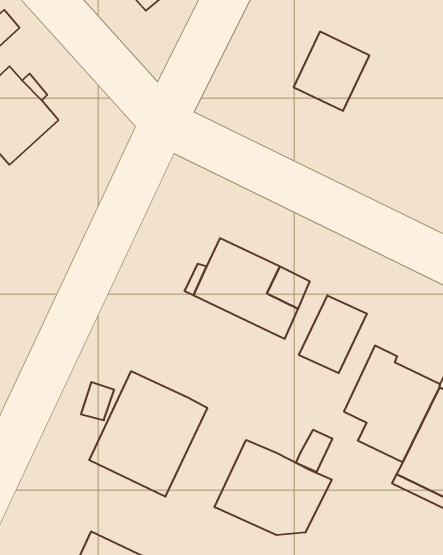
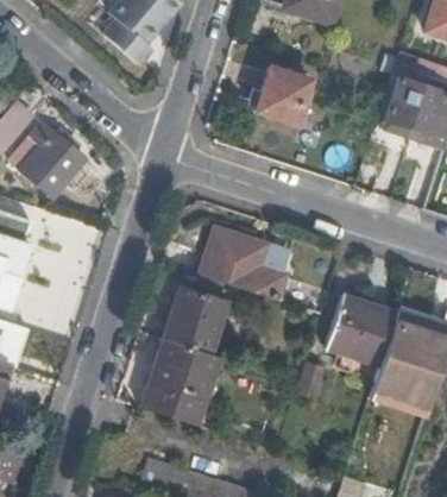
building: [299,295,367,373] -> none
building: none -> [163,288,225,352]
building: [214,440,332,535] -> none

